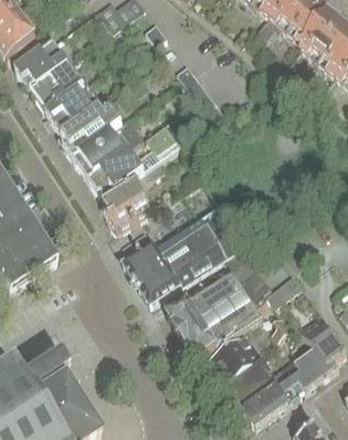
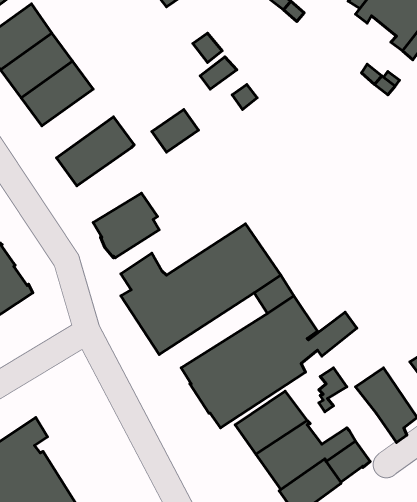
building: [62,103,123,155] -> none
building: [88,147,165,196] -> none
building: [294,347,329,384] -> none

